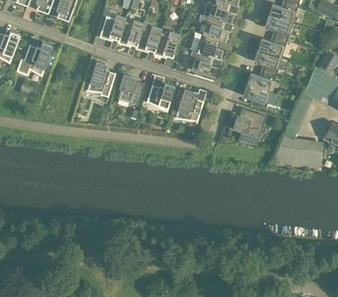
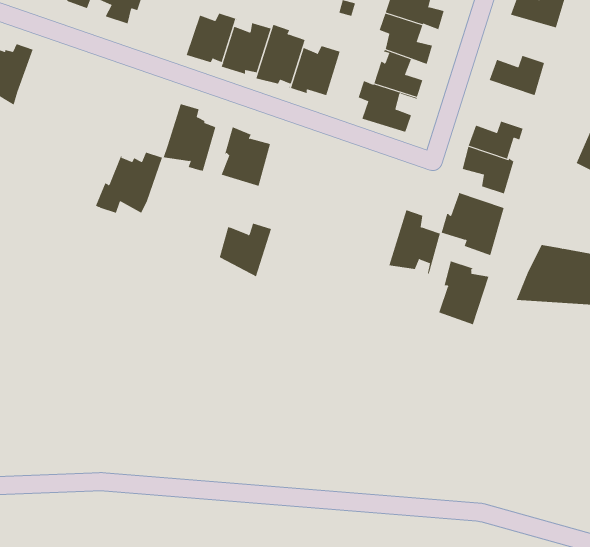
building: [264,15,293,40] -> none
building: [16,42,51,75] -> [95,152,163,213]
building: [254,49,281,75] -> none
building: [146,83,175,111] -> [218,223,272,277]
building: [176,89,203,123] -> [389,210,441,275]
building: none -> [439,260,489,325]

